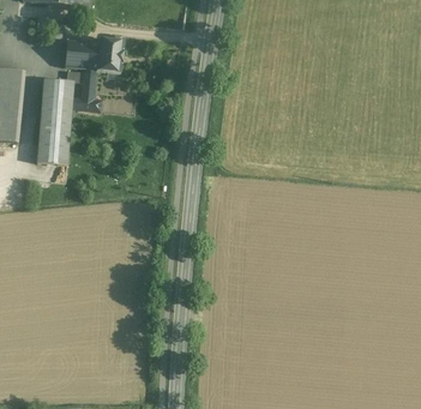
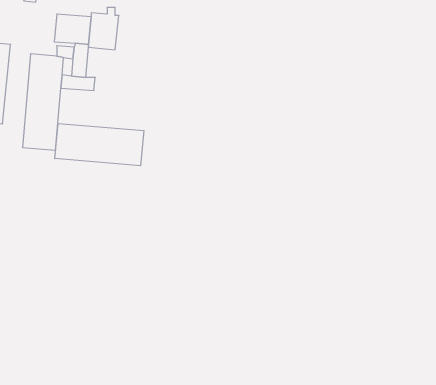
building: none -> [55,123,144,166]

